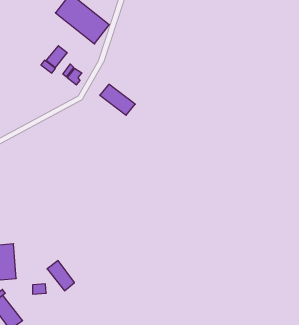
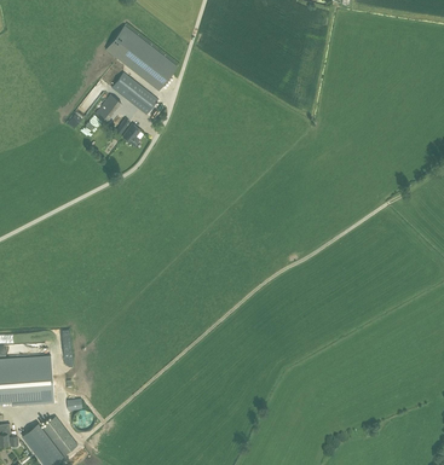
building: [100,84,135,115] -> [110,71,157,112]
building: [47,261,74,291] -> [40,414,76,454]

